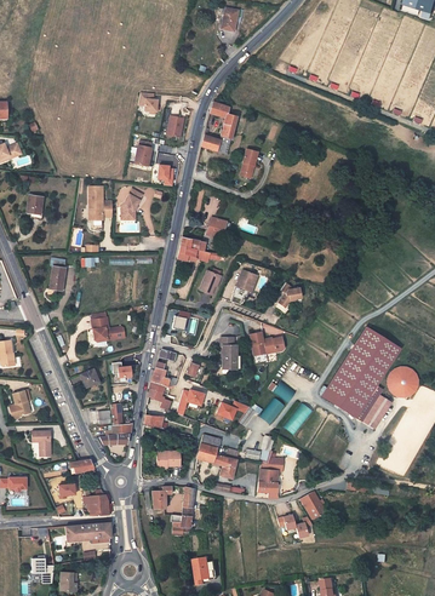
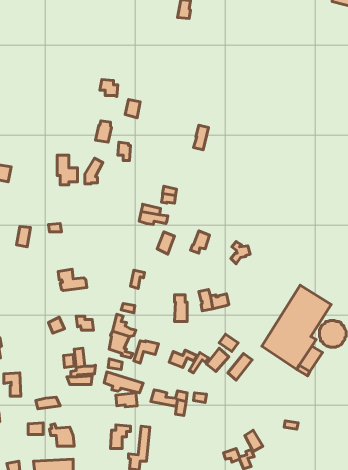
building: [205,103,239,153] -> none
building: none -> [104,372,143,393]
building: [257,459,282,502] -> none

